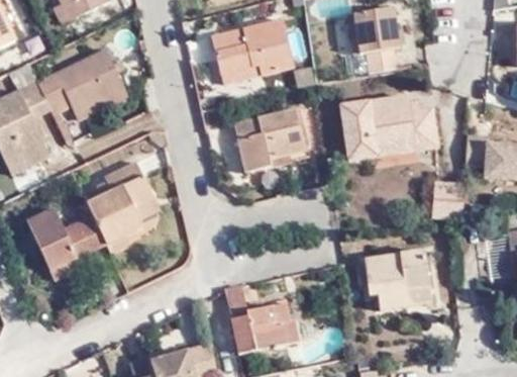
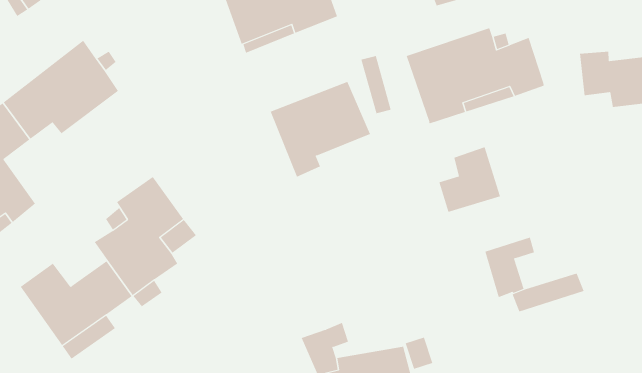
building: [429,180,459,213] -> none
building: [391,245,434,288] -> [439,146,501,213]

